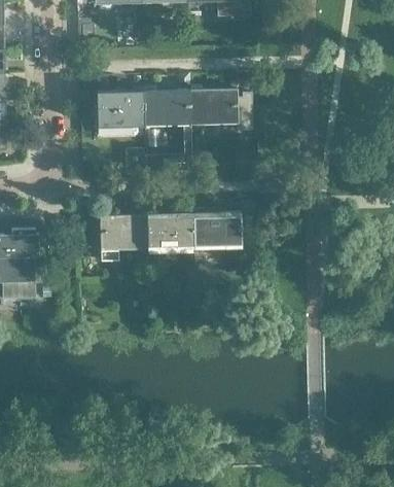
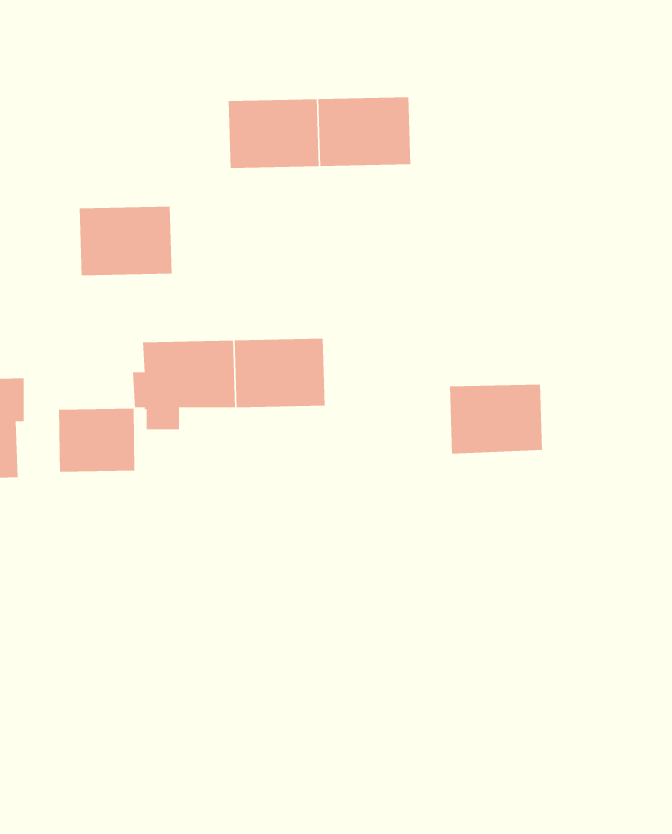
building: [97,92,145,128] -> [79,206,172,276]
building: [193,213,242,249] -> [449,384,543,454]
building: none -> [59,408,135,473]

